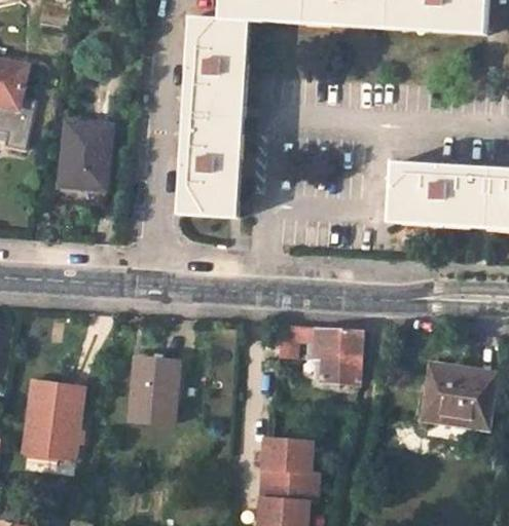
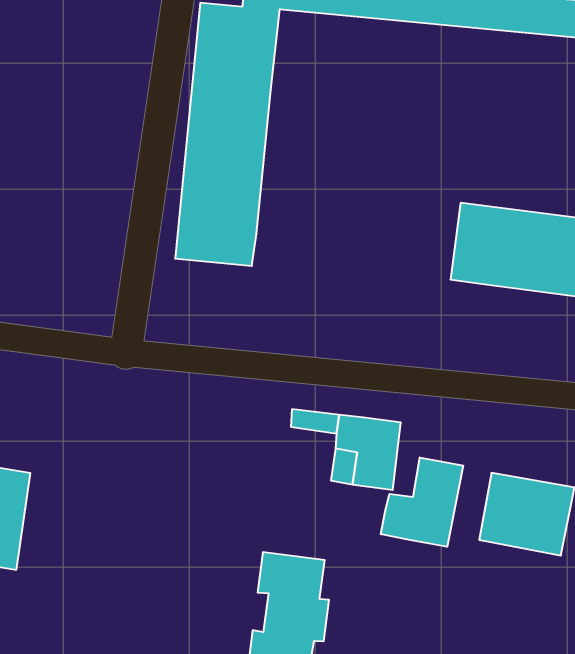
building: [58,118,111,187] -> none
building: none -> [381,457,463,547]
building: [126,358,176,425] -> none

